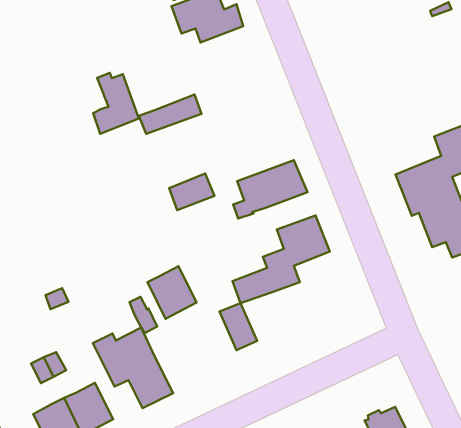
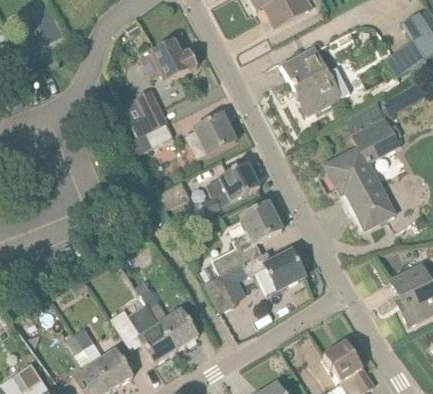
building: none -> [281,46,350,114]
building: [93,73,139,134] -> [131,89,166,136]
building: none -> [185,113,236,157]
building: [147,266,197,319] -> [159,308,198,349]
building: none -> [242,249,305,294]

